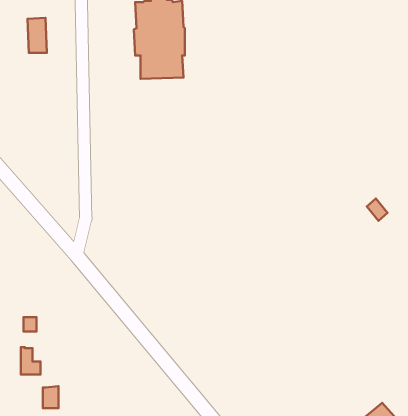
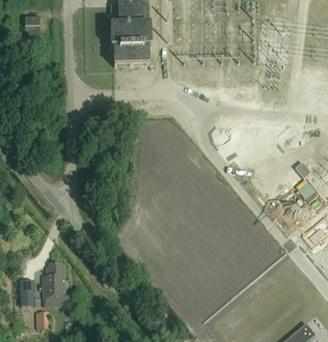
building: none -> [43,262,63,295]

